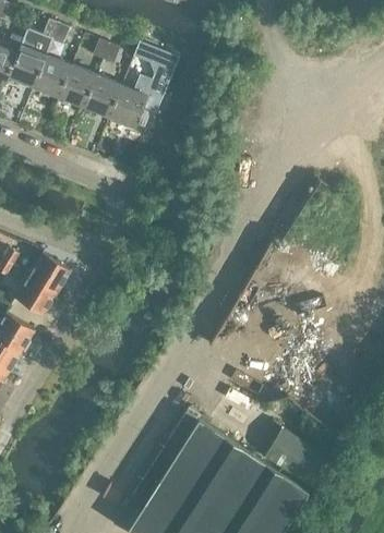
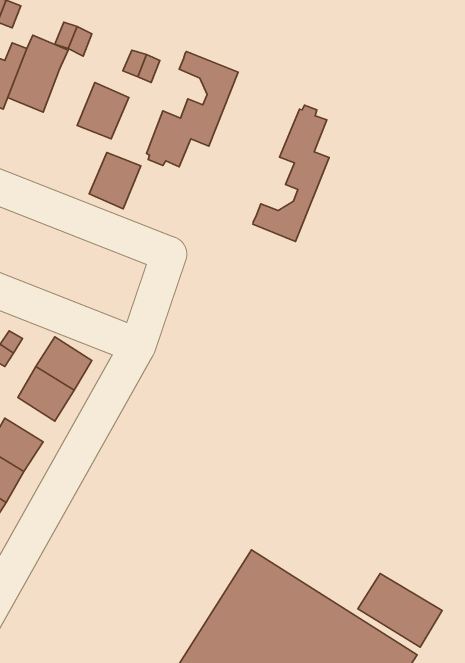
building: [34,56,72,97] -> none
building: [84,76,122,118] -> [89,153,141,209]
building: none -> [253,105,329,241]

